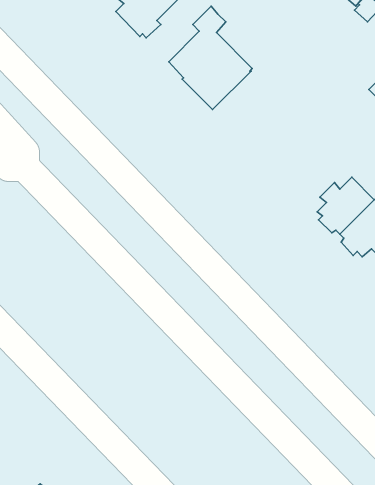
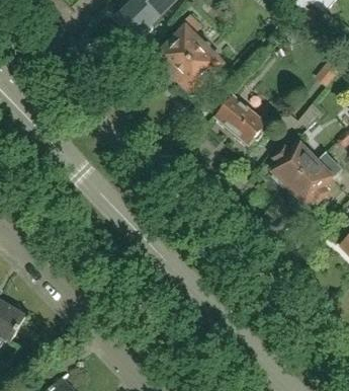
building: none -> [215,95,266,144]

